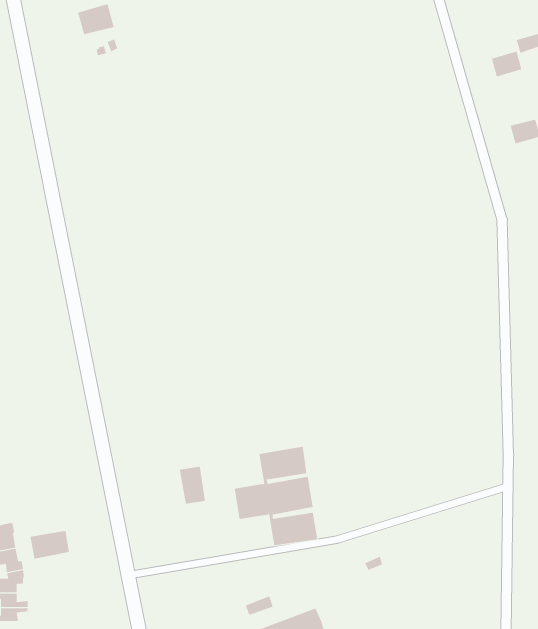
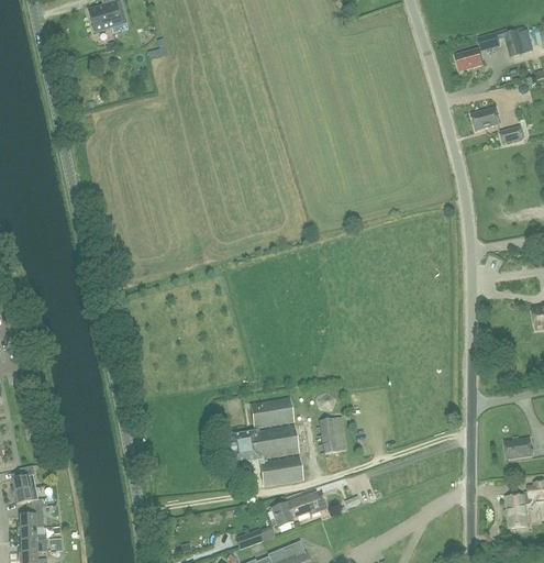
building: [179,466,206,505] -> none
building: none -> [319,416,347,453]
building: [30,530,69,560] -> none
building: none -> [273,494,327,528]

